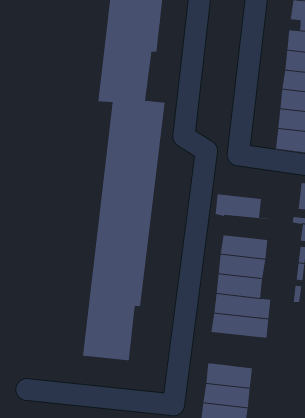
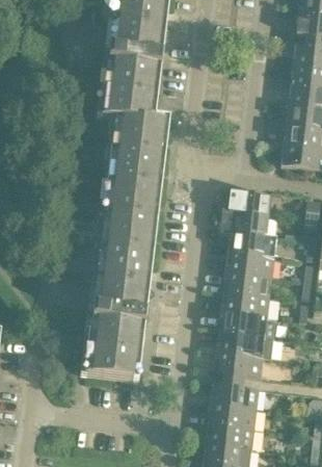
building: none -> [221,190,270,216]
building: none -> [227,233,275,258]
building: none -> [213,352,262,386]

